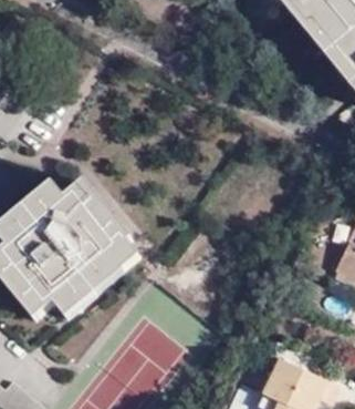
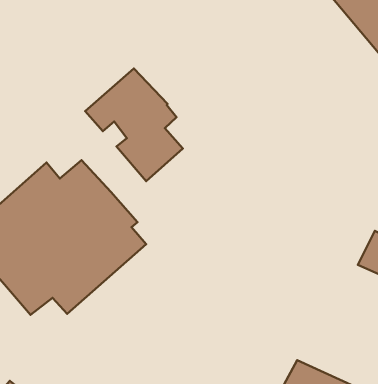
building: none -> [85,69,183,181]

